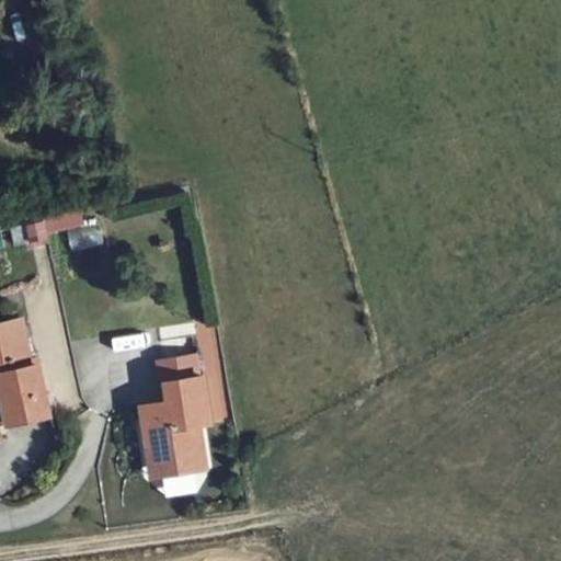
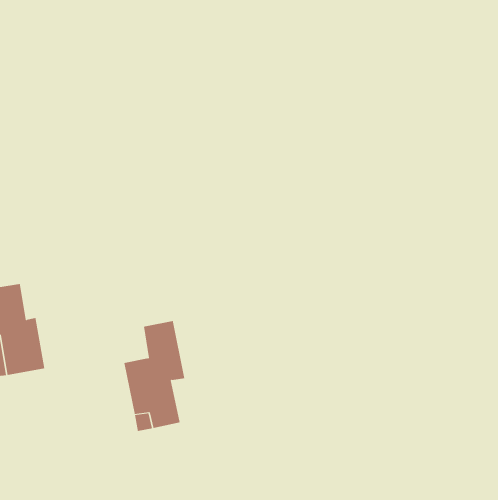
building: [16,204,94,253] -> none

